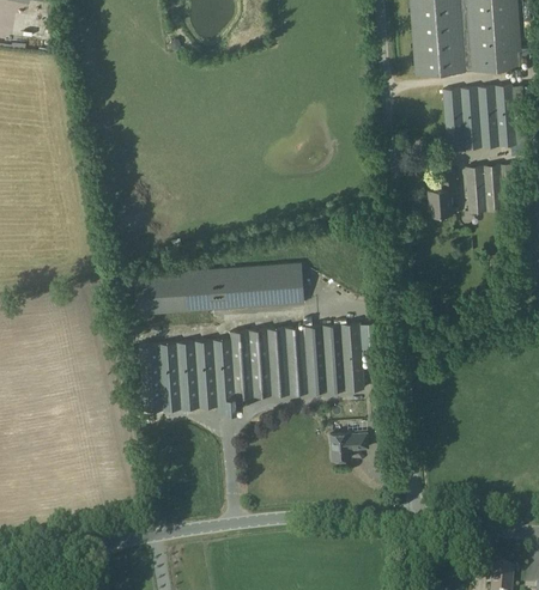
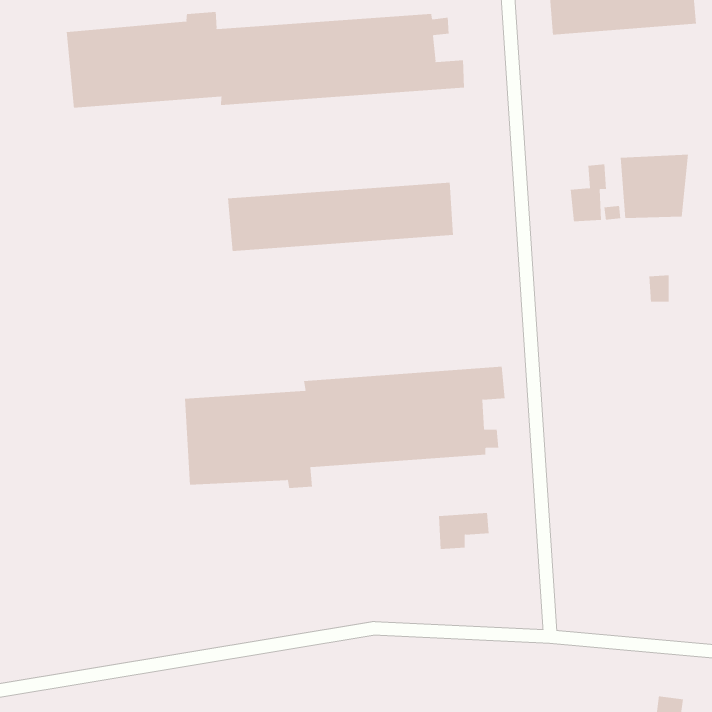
building: none -> [66,11,465,108]
building: [442,84,527,151] -> none
building: [134,263,303,315] -> [227,182,454,251]

